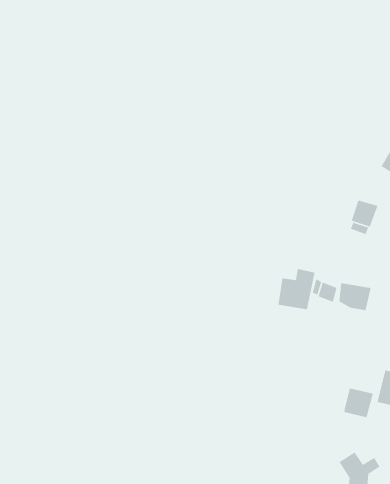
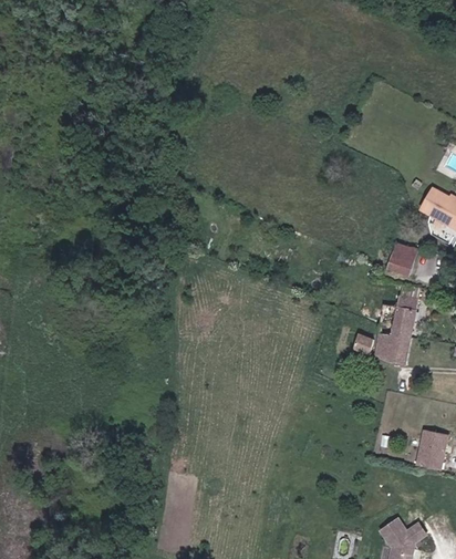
building: [278,268,316,310] -> [380,294,421,340]
building: [343,388,374,418] -> none

